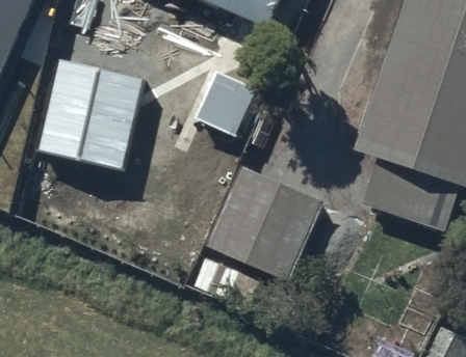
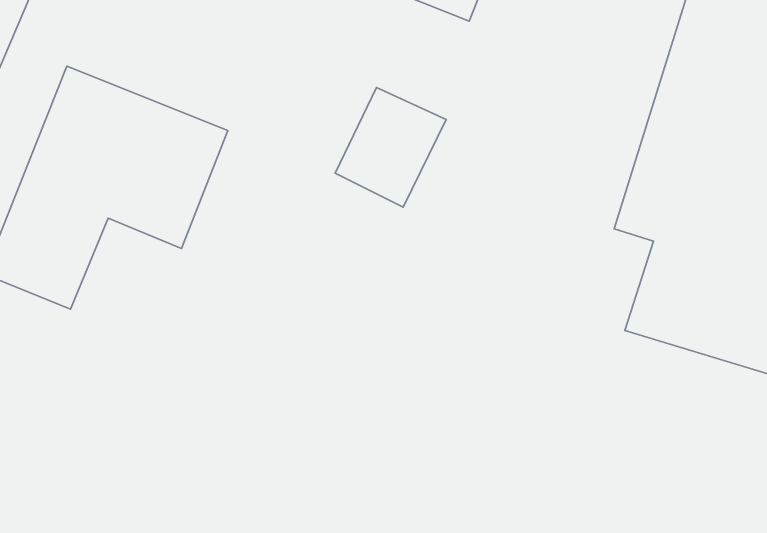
building: [210,167,322,276] -> none

